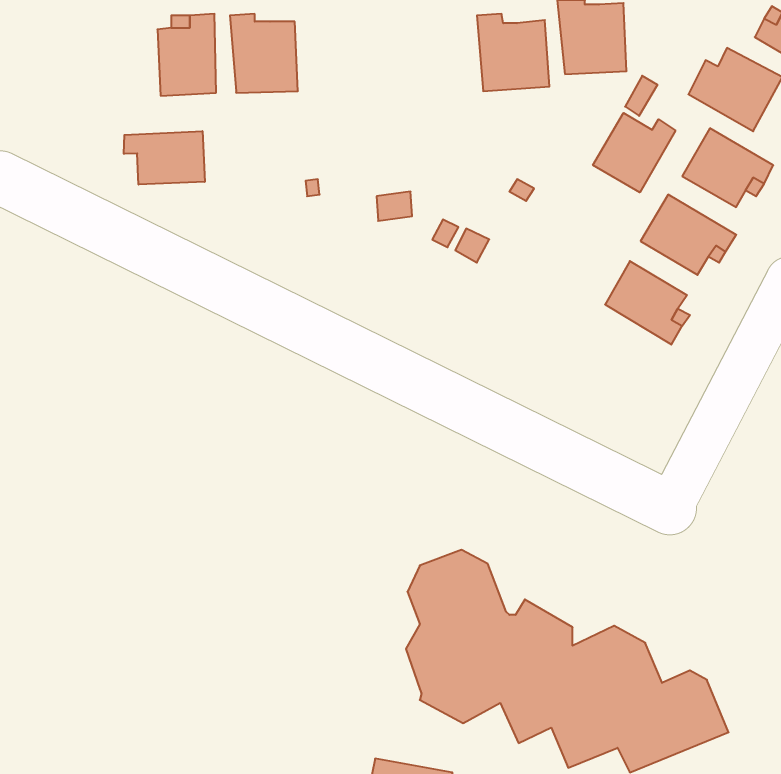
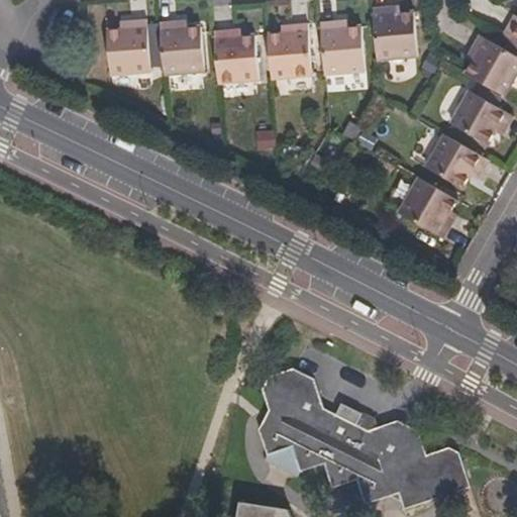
building: none -> [266,21,309,75]
building: none -> [210,27,256,78]
building: [593,113,675,192] -> none
building: [124,131,205,185] -> none

